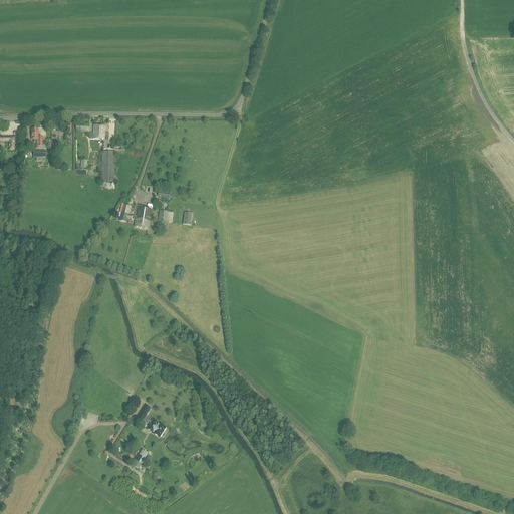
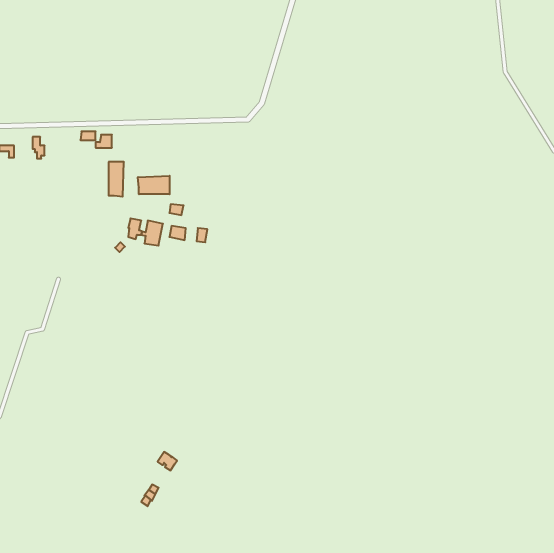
building: none -> [138,176,170,194]

